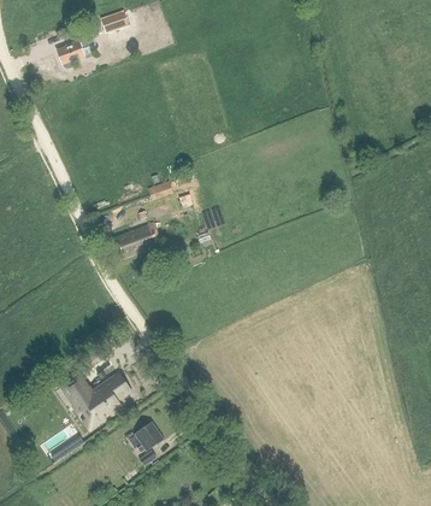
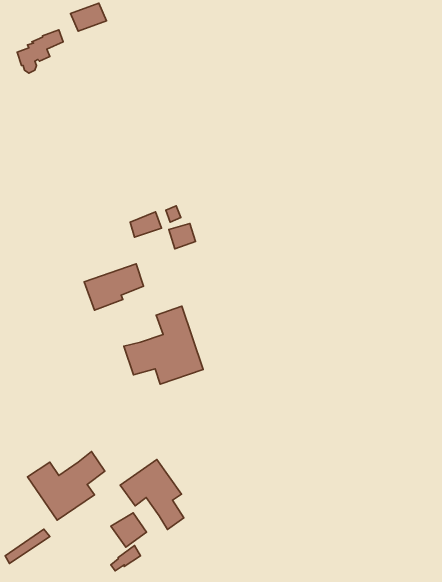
building: none -> [124,306,203,384]
building: none -> [120,460,184,529]

